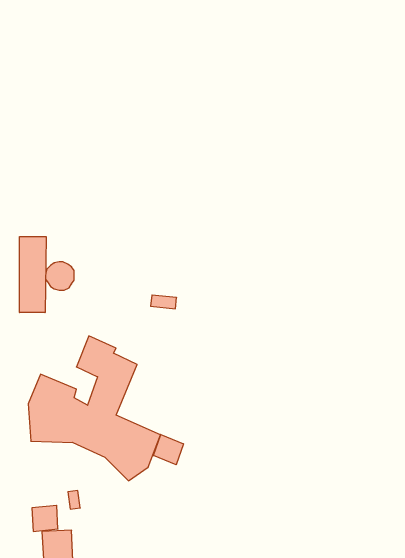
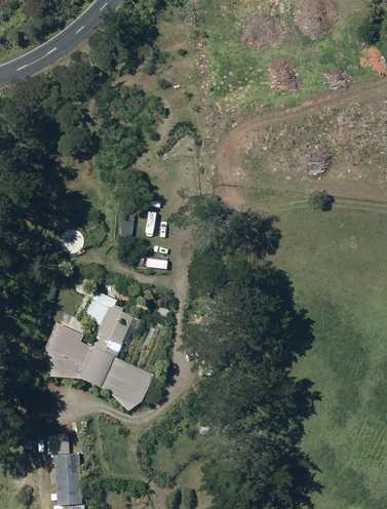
building: [20,237,46,313] -> none
building: [153,434,183,465] -> none

